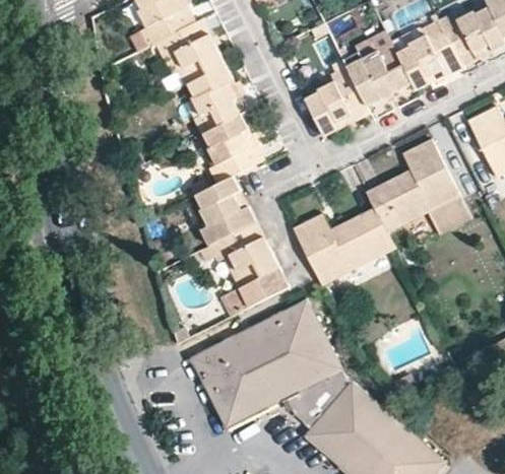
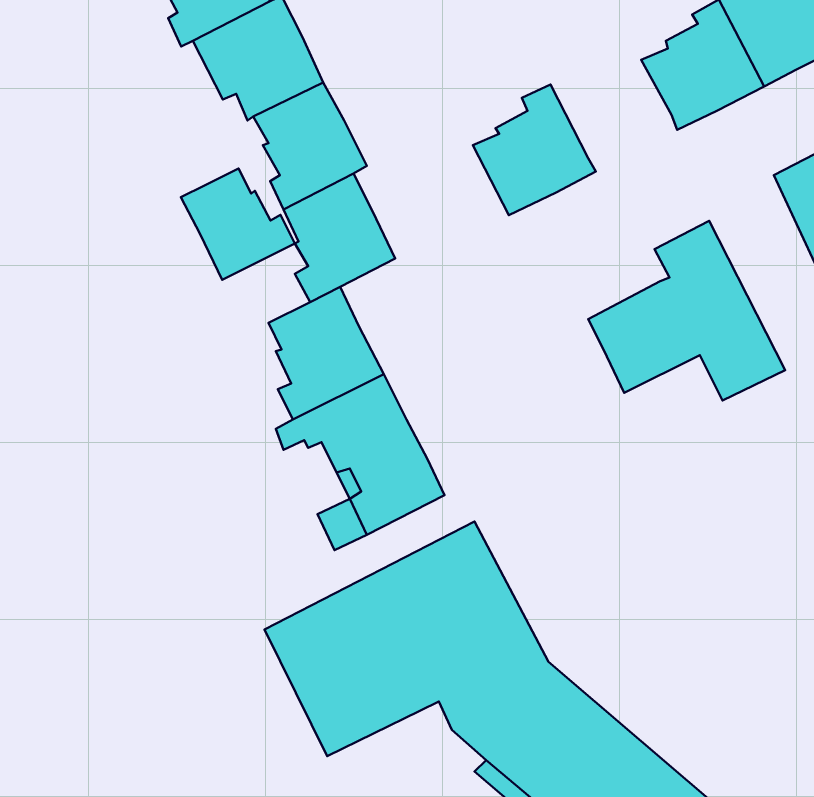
building: [342,44,411,106] -> none
building: none -> [181,168,295,280]
building: [293,208,394,285] -> none

